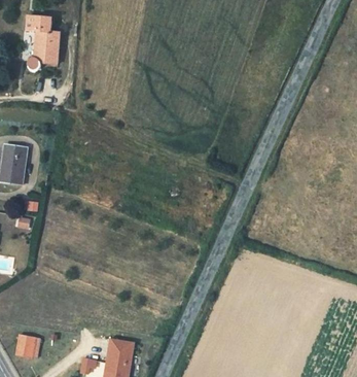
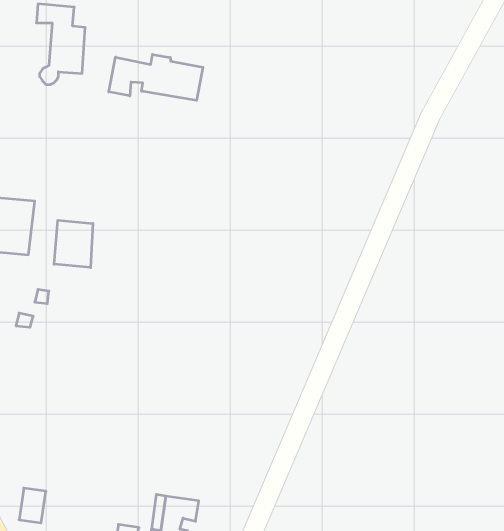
building: none -> [109,54,203,100]
building: none -> [54,220,93,268]

